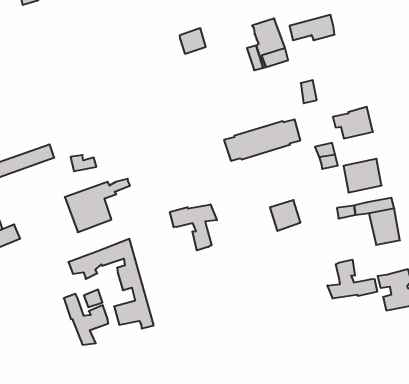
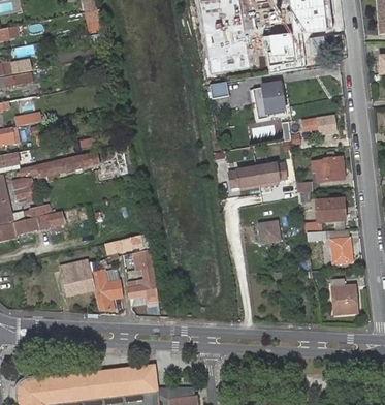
building: [290,15,335,40] -> [302,115,335,132]
building: [65,179,130,232] -> [61,259,111,294]
building: [170,204,217,250] -> none
building: [327,260,377,299] -> none

